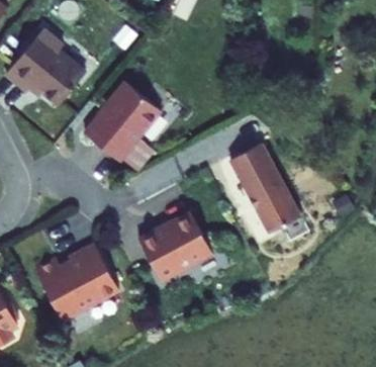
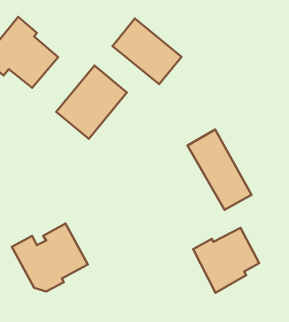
building: none -> [113,18,181,84]
building: [140,219,212,290] -> [193,228,259,293]

